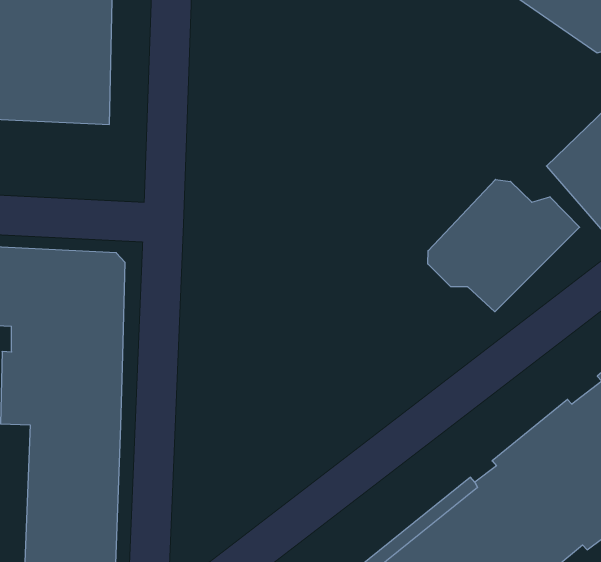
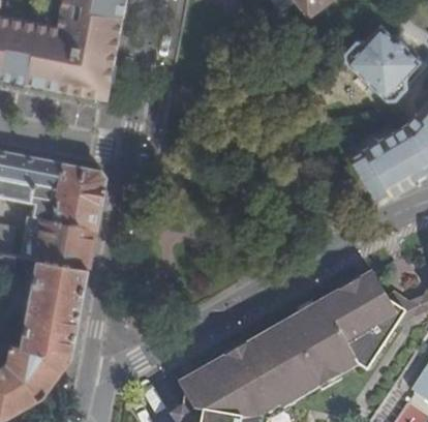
building: [428,179,580,312] -> none

